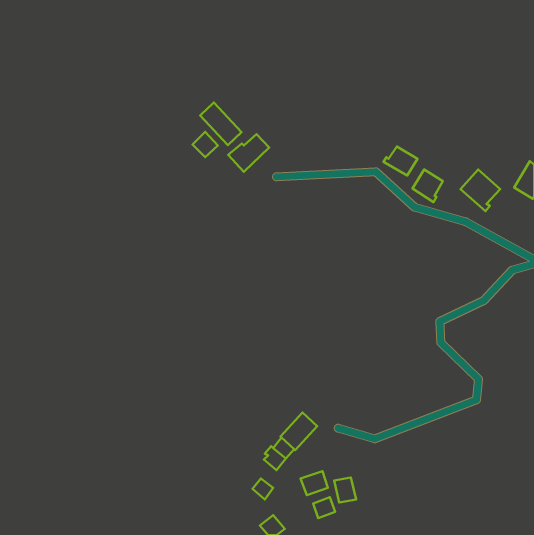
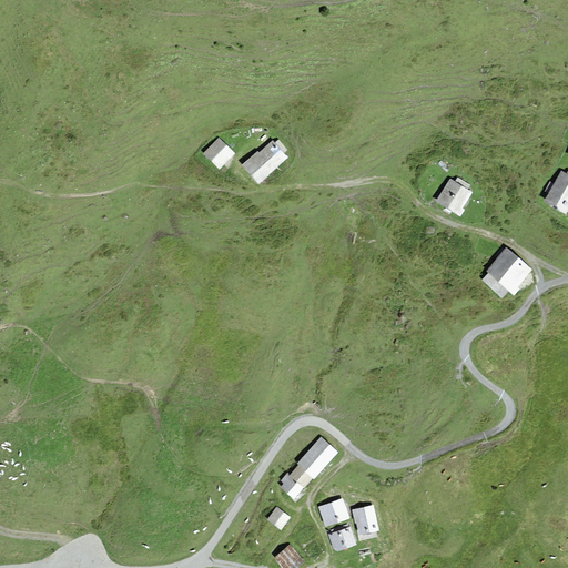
building: [200,102,242,145] -> none
building: [384,146,417,175] -> none
building: [460,169,500,211] -> [487,248,529,293]

